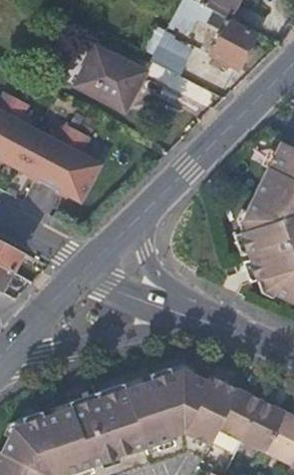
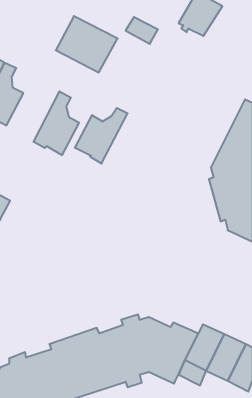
building: [16,122,75,184] -> [75,108,128,164]

